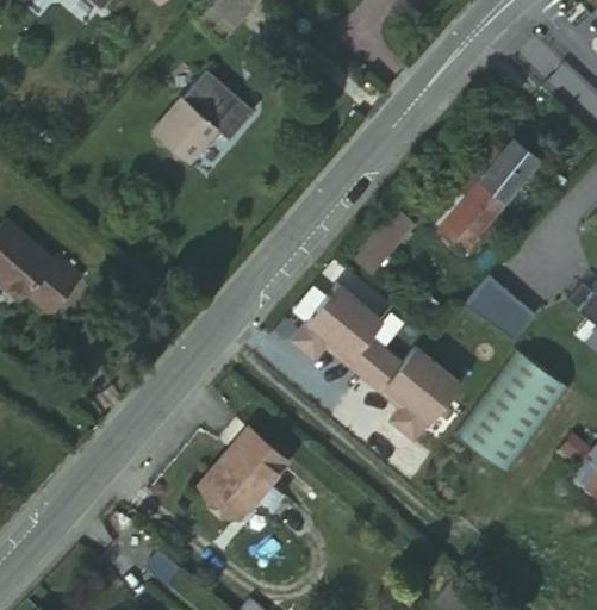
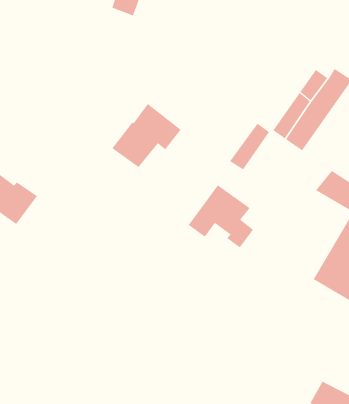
building: [151,75,251,164] -> [111,103,181,168]
building: [361,353,455,442] -> none
building: [209,428,291,515] -> none

